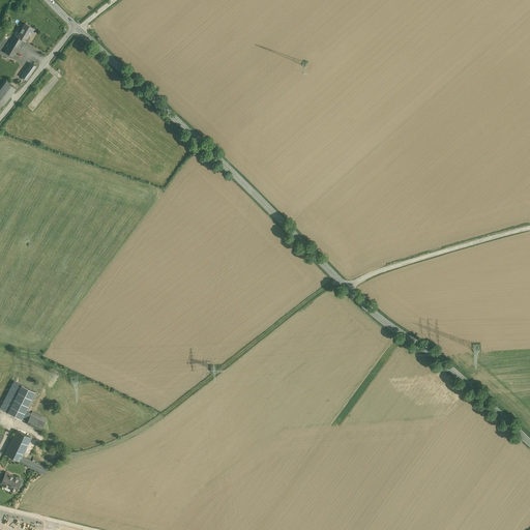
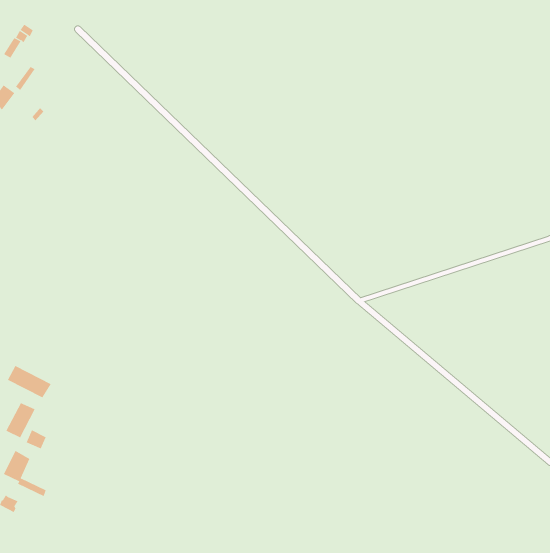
building: none -> [7,365,52,398]

